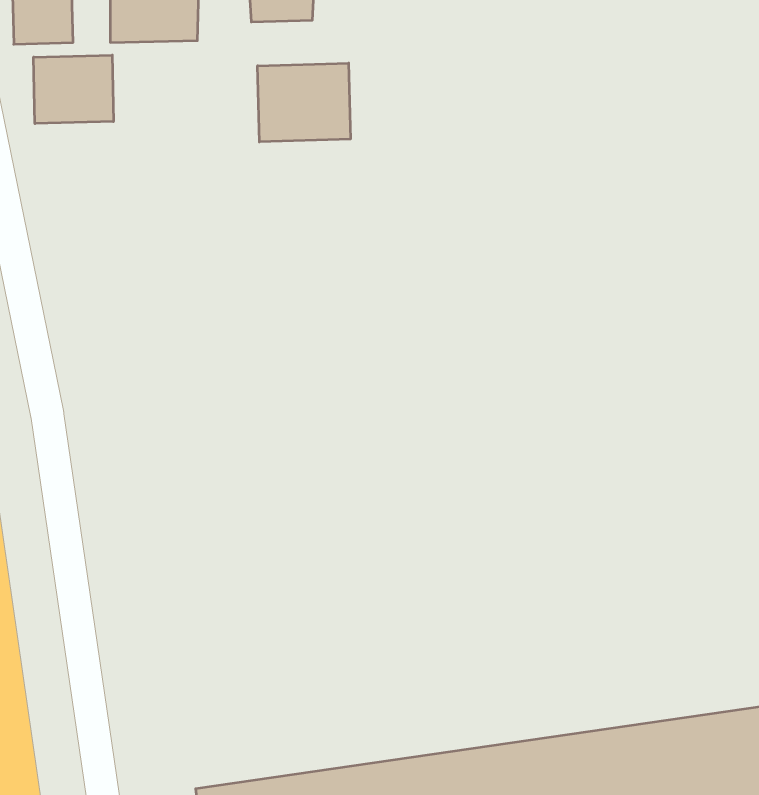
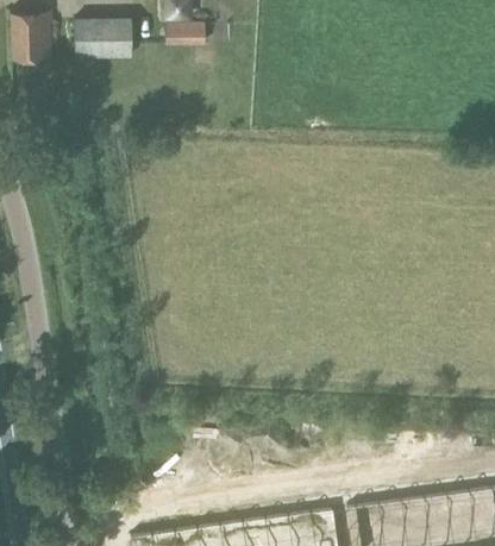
building: [34,55,113,124] -> none
building: [258,63,350,142] -> none

